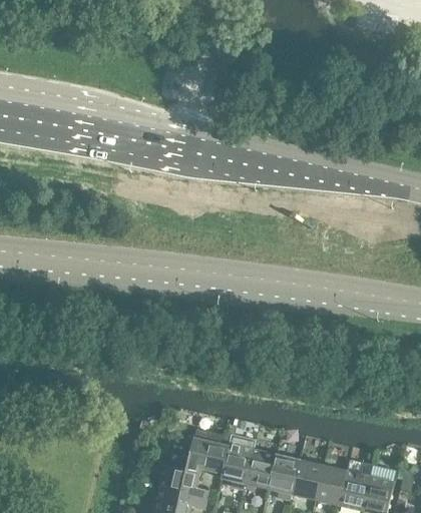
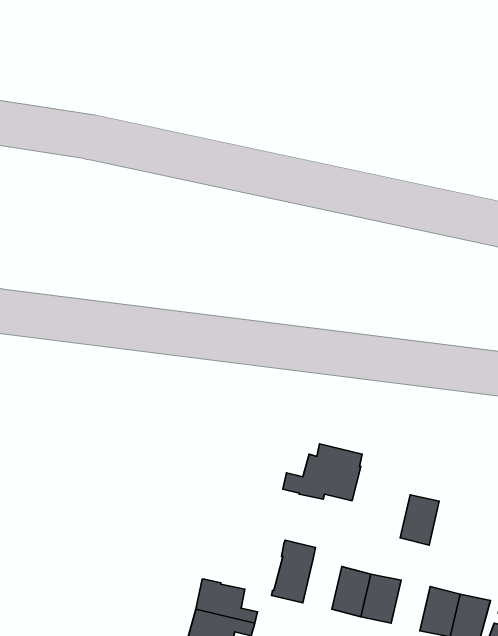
building: [169,429,233,474] -> [283,444,362,501]
building: [248,450,279,489] -> none
building: [318,466,349,506] -> [400,495,439,545]

